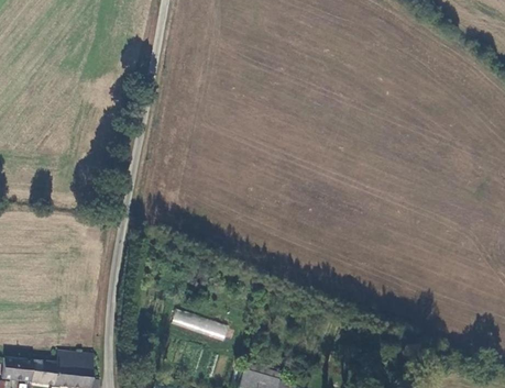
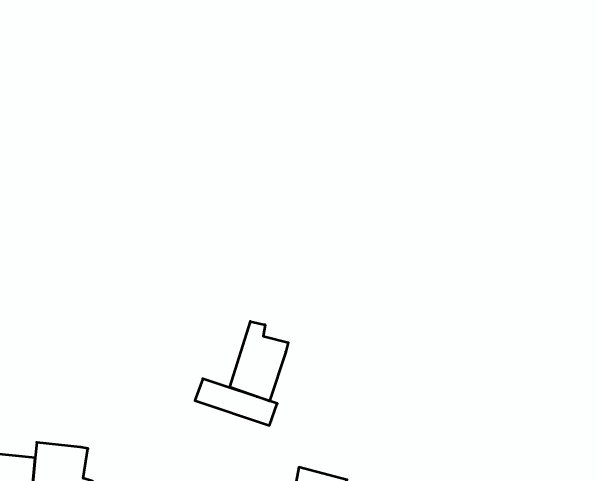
building: none -> [230,321,288,401]

